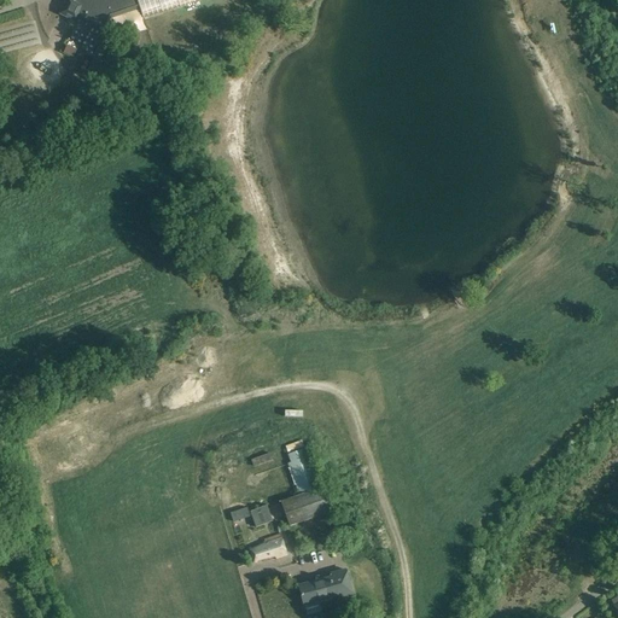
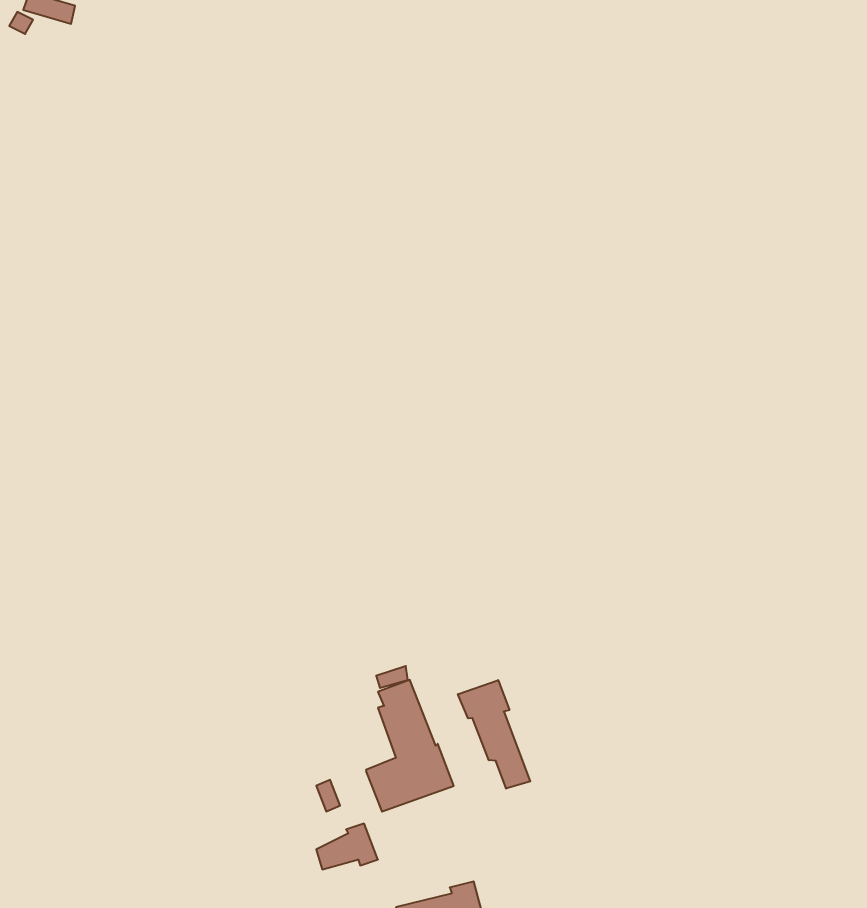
building: none -> [458,680,530,789]

